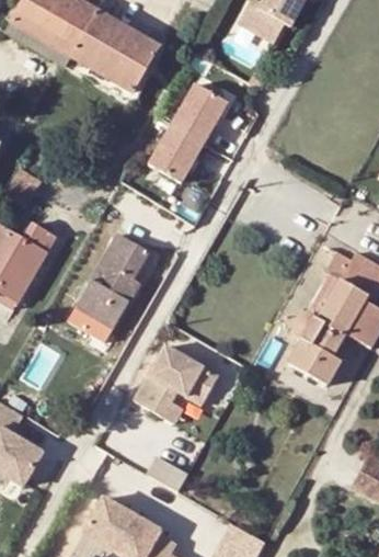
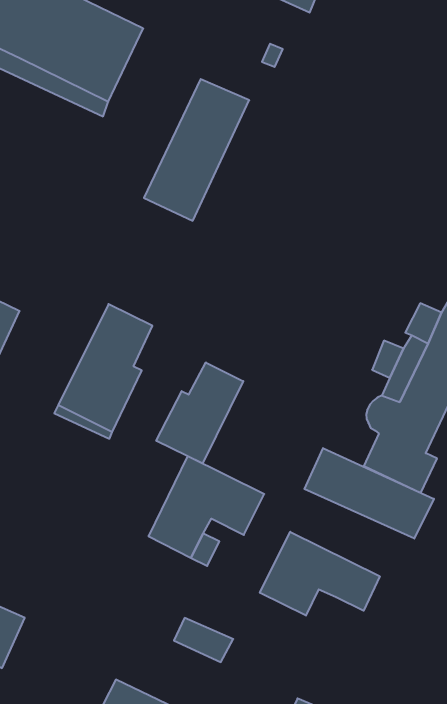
building: none -> [156,362,243,463]
building: none -> [304,448,434,539]
building: none -> [260,532,380,616]

